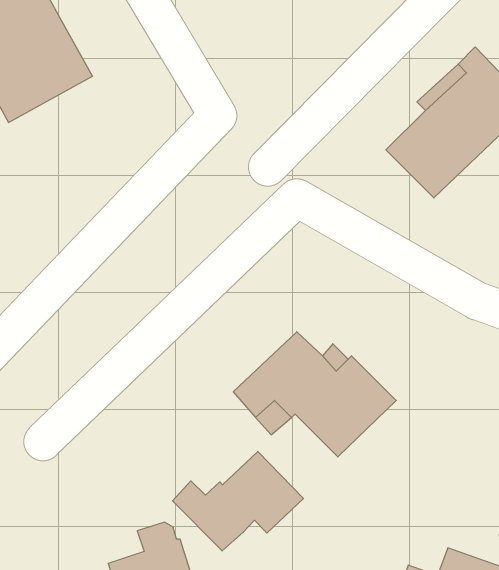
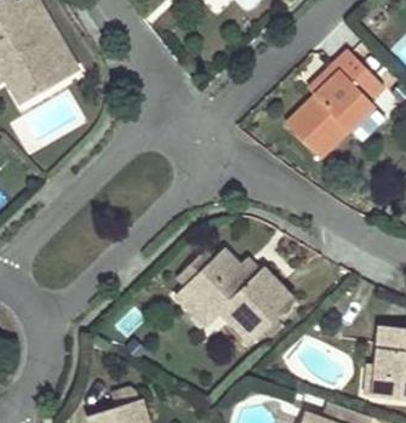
building: [172,451,303,551] -> none

